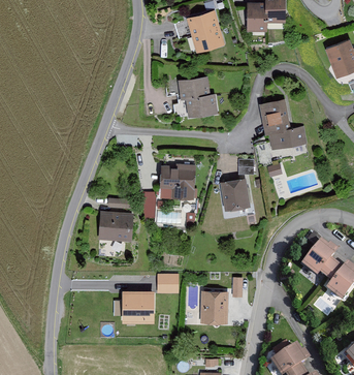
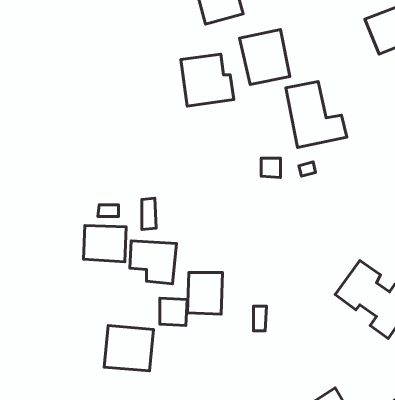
building: none -> [239,29,290,85]
building: [158,164,195,198] -> [130,241,176,284]
building: [220,176,250,210] -> none
building: [200,290,228,323] -> [188,272,223,314]

